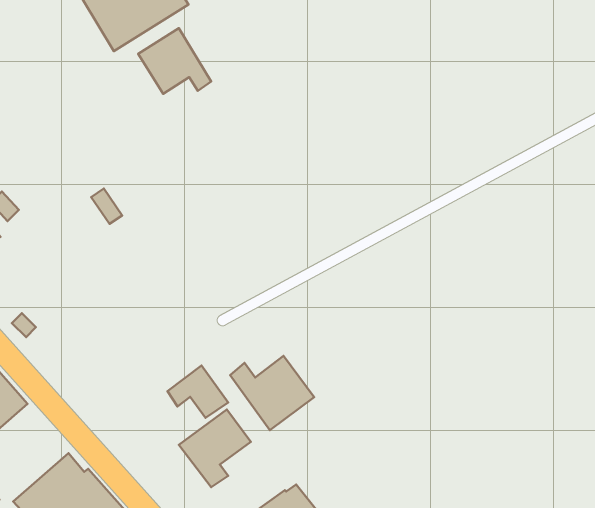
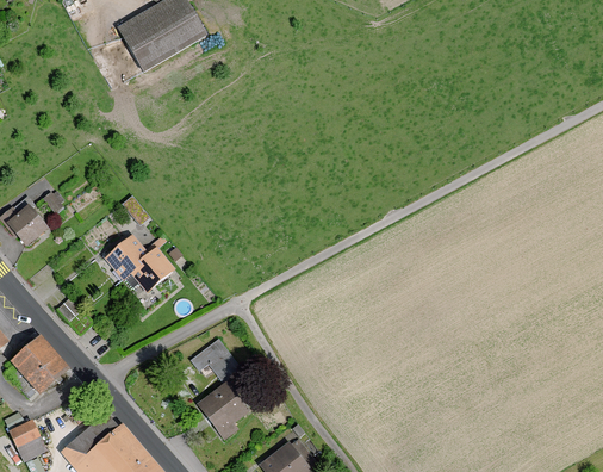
building: [138,28,211,94] -> none
building: none -> [105,237,174,293]
building: [230,356,314,430] -> none

